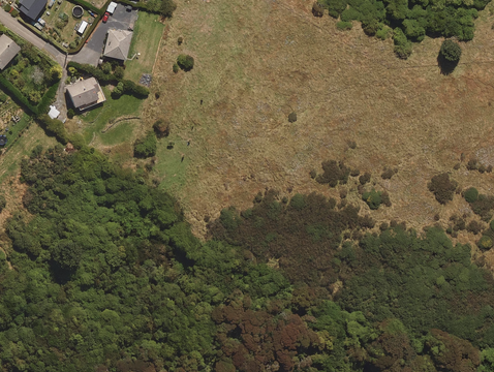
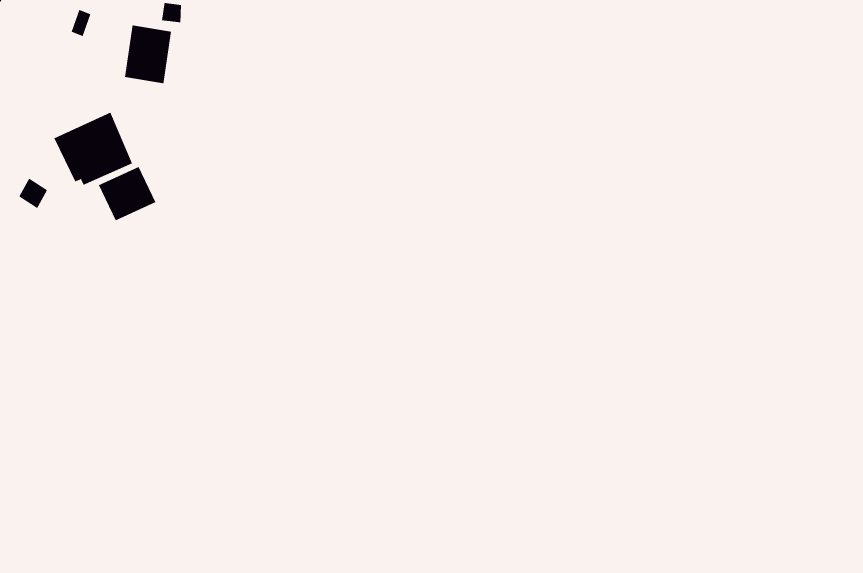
building: none -> [98,166,156,221]

